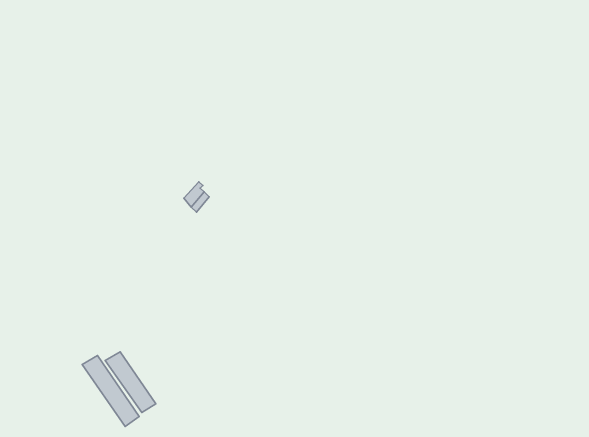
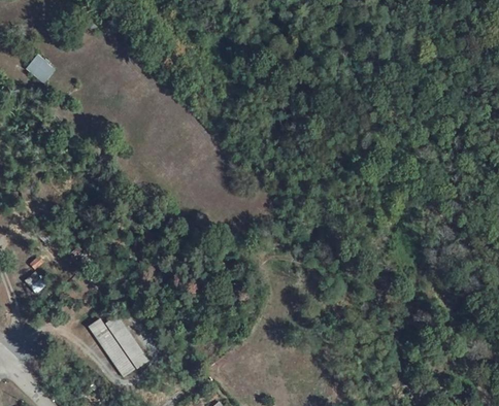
building: none -> [25,53,55,81]

